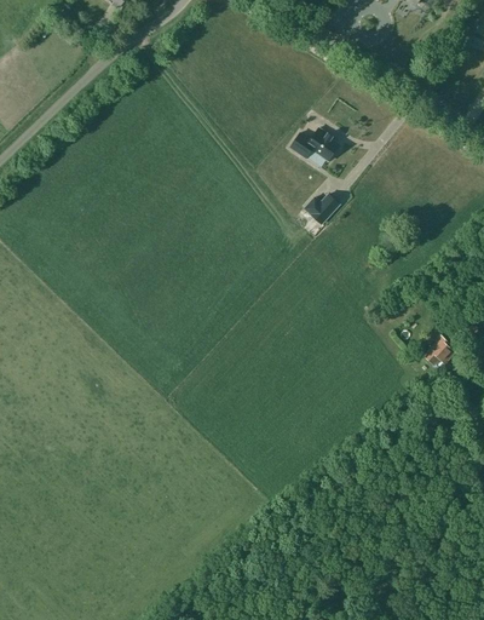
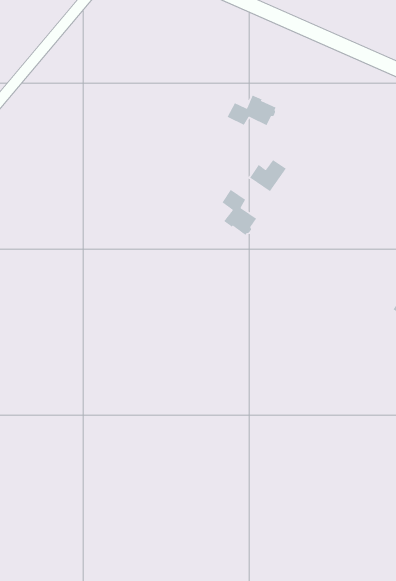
building: none -> [221,189,257,236]

